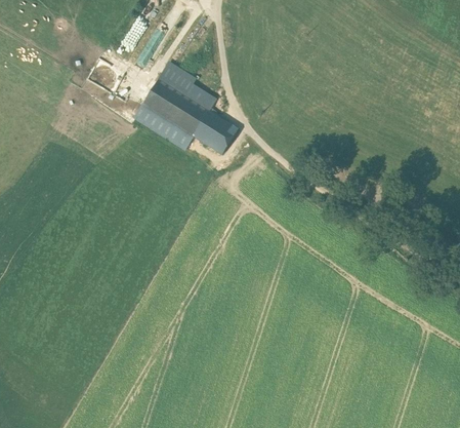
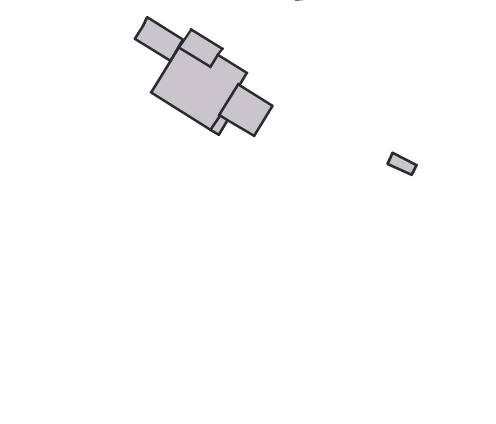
building: none -> [135,17,183,61]

